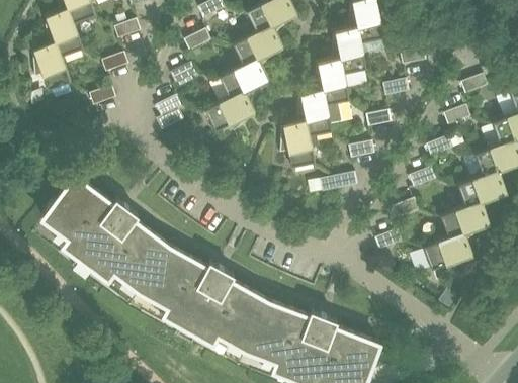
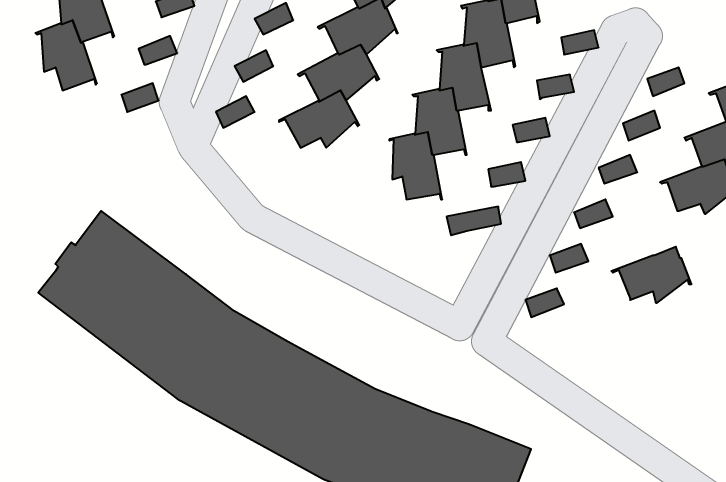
building: [453,169,510,207] -> none
building: [419,230,476,280] -> none

